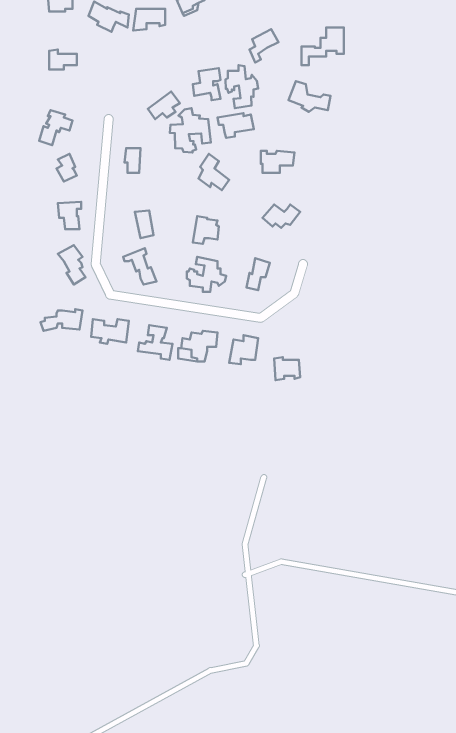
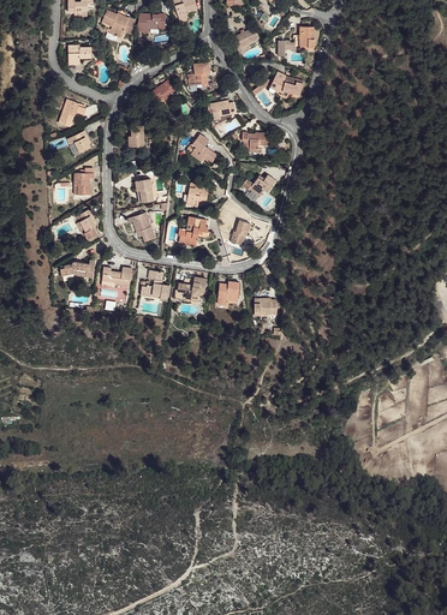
building: [226,65,258,108] -> none
building: [170,108,211,153] -> none

